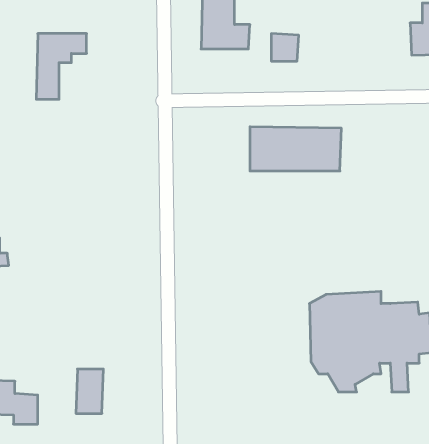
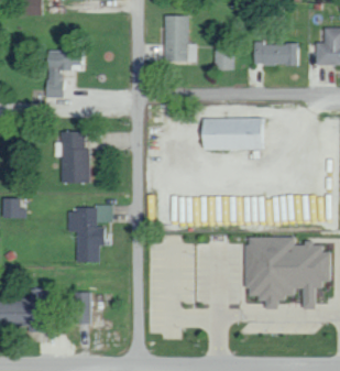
building: none -> [254,43,297,64]
building: none -> [56,130,90,183]
building: none -> [68,207,113,262]

